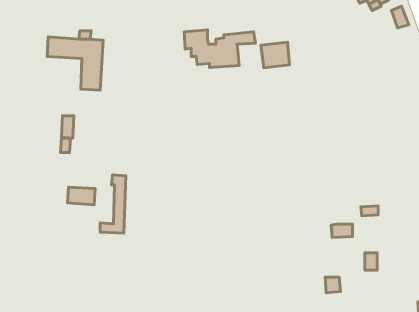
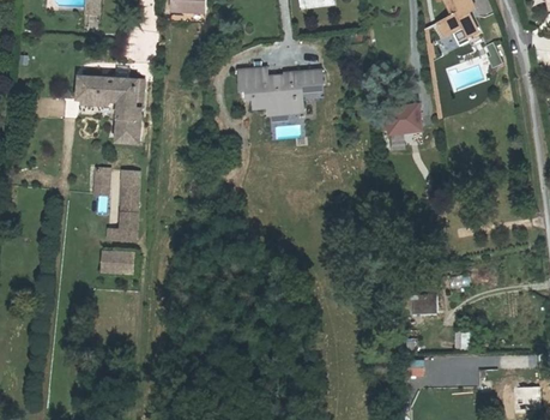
building: [261,42,290,68] -> [382,103,416,133]
building: [100,175,126,233] -> [107,172,137,240]

